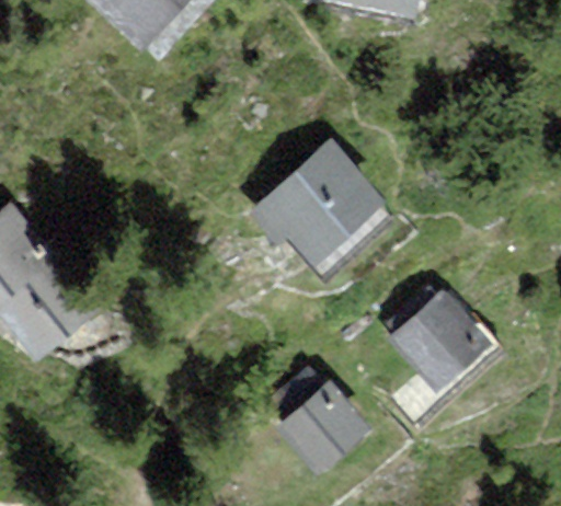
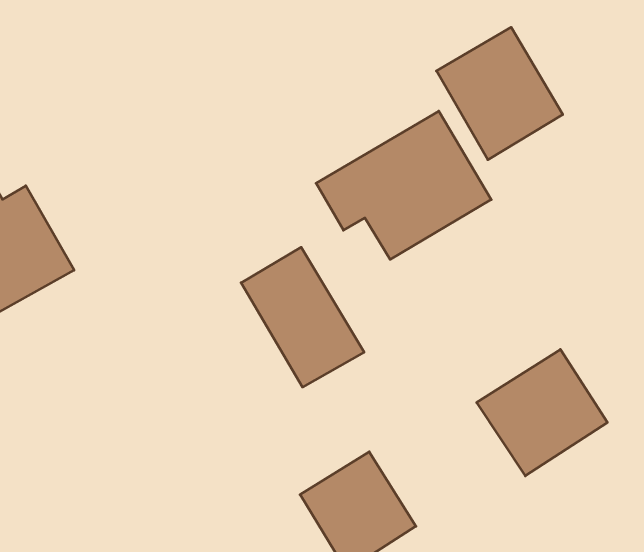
building: none -> [436,27,563,160]
building: none -> [241,247,364,387]

